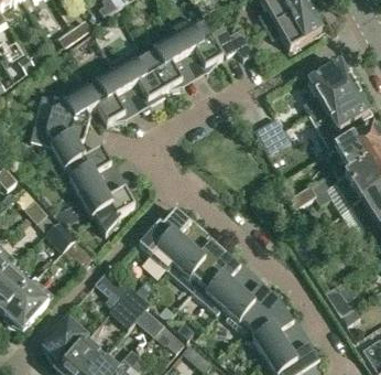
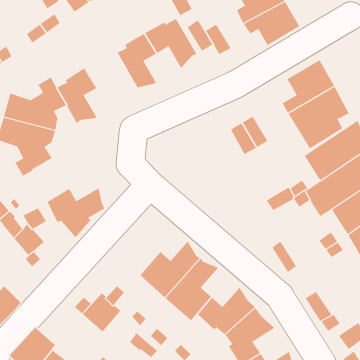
building: [115,53,165,101] -> none
building: [65,144,115,196] -> none
building: [139,206,194,267] -> none

